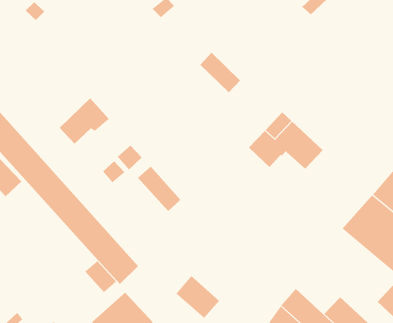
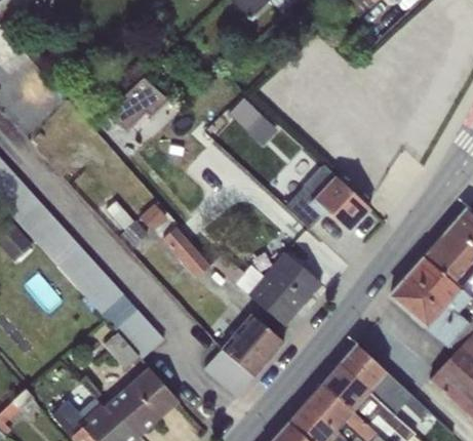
building: [59,98,109,144] -> [111,77,167,129]
building: none -> [213,251,321,326]
building: none -> [222,314,284,377]
building: none -> [339,344,388,392]

